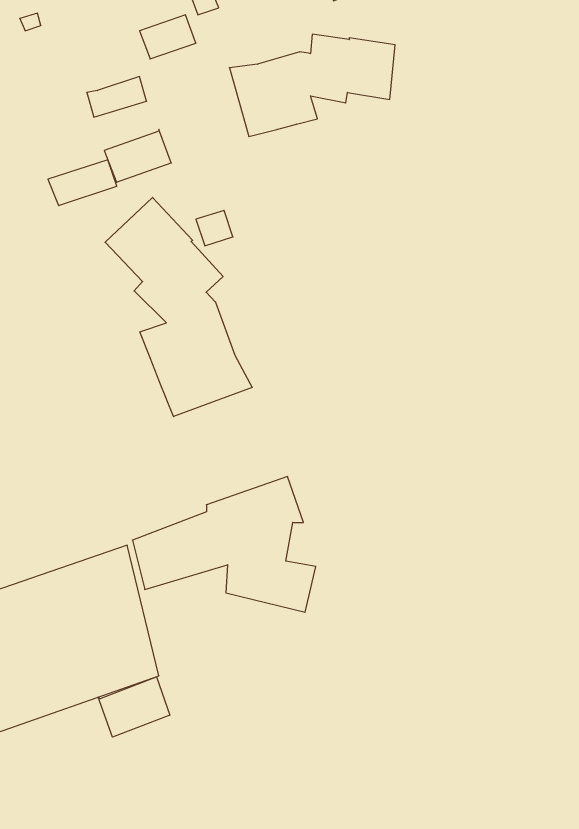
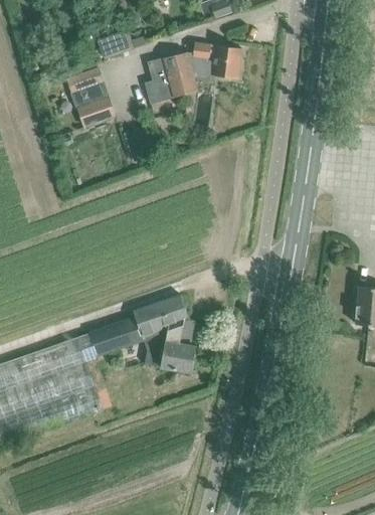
building: [48,160,117,206] -> [67,81,107,108]
building: [105,197,252,417] -> none
building: [98,677,170,737] -> none

